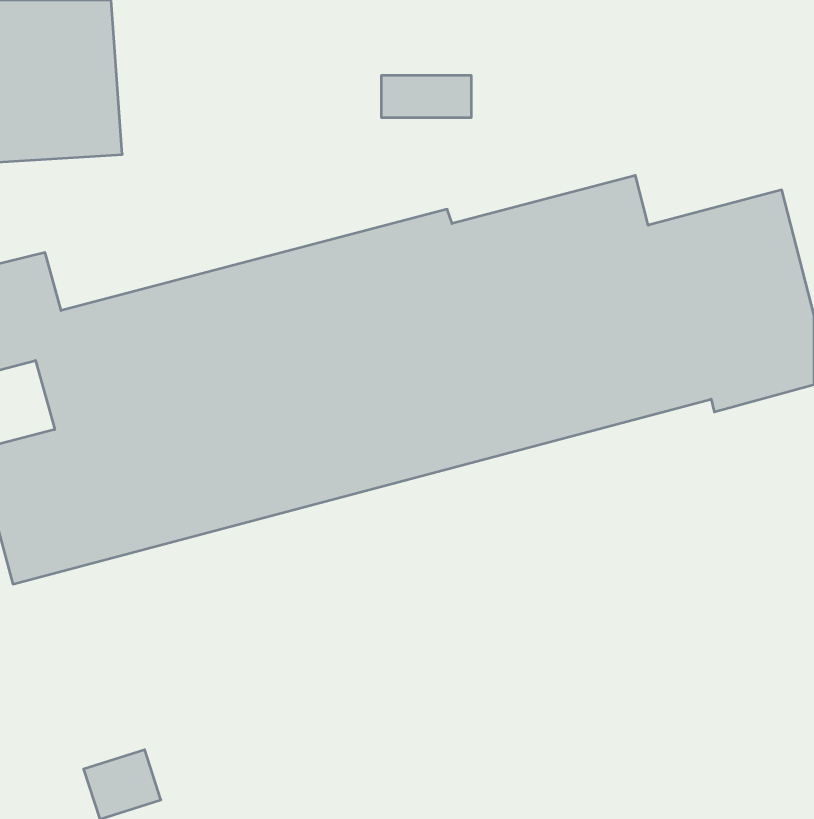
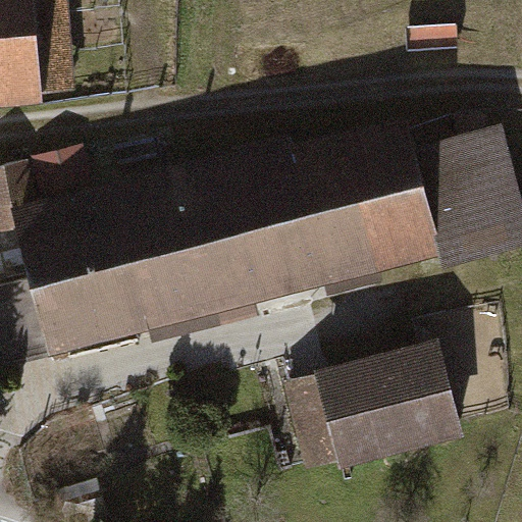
building: none -> [283,336,466,472]

